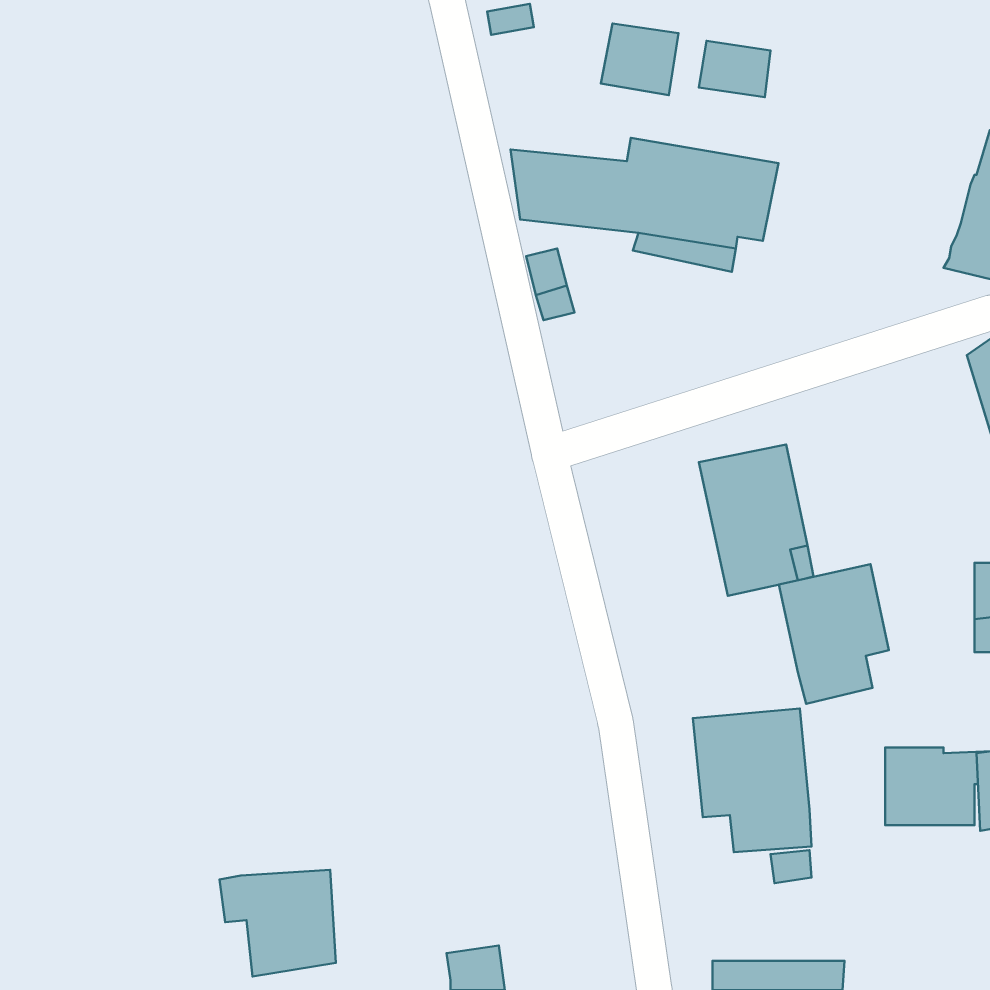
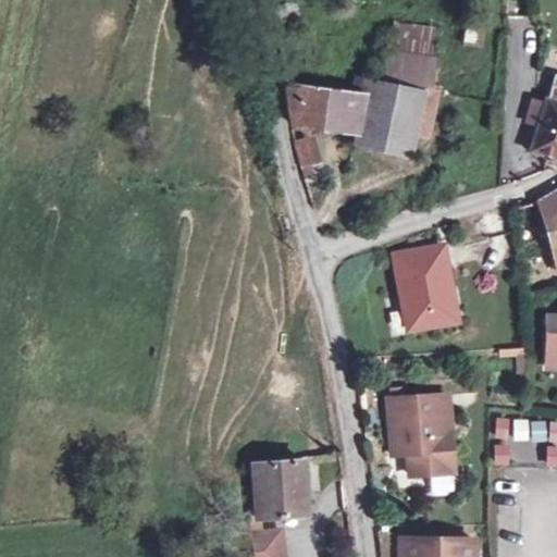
building: [601,23,679,95] -> [386,49,430,89]
building: [779,564,889,704] -> none
building: [219,870,336,976] -> [242,459,307,519]

